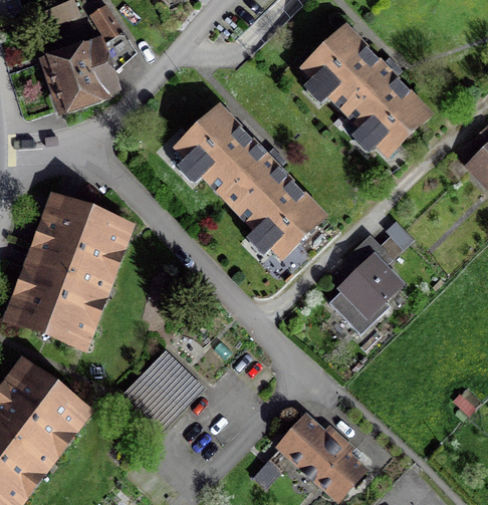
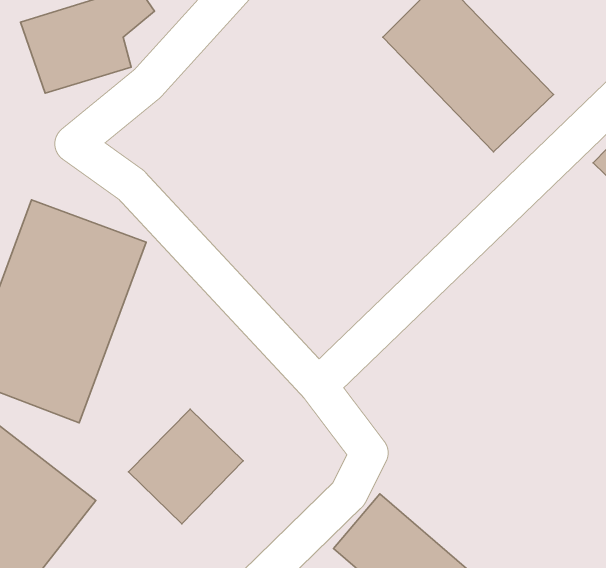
building: [179,108,324,259] -> none
building: [330,225,415,334] -> none

